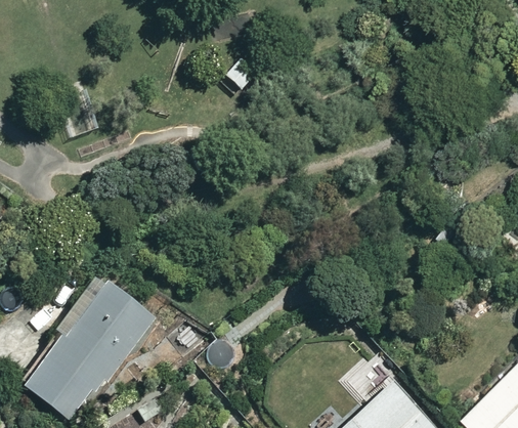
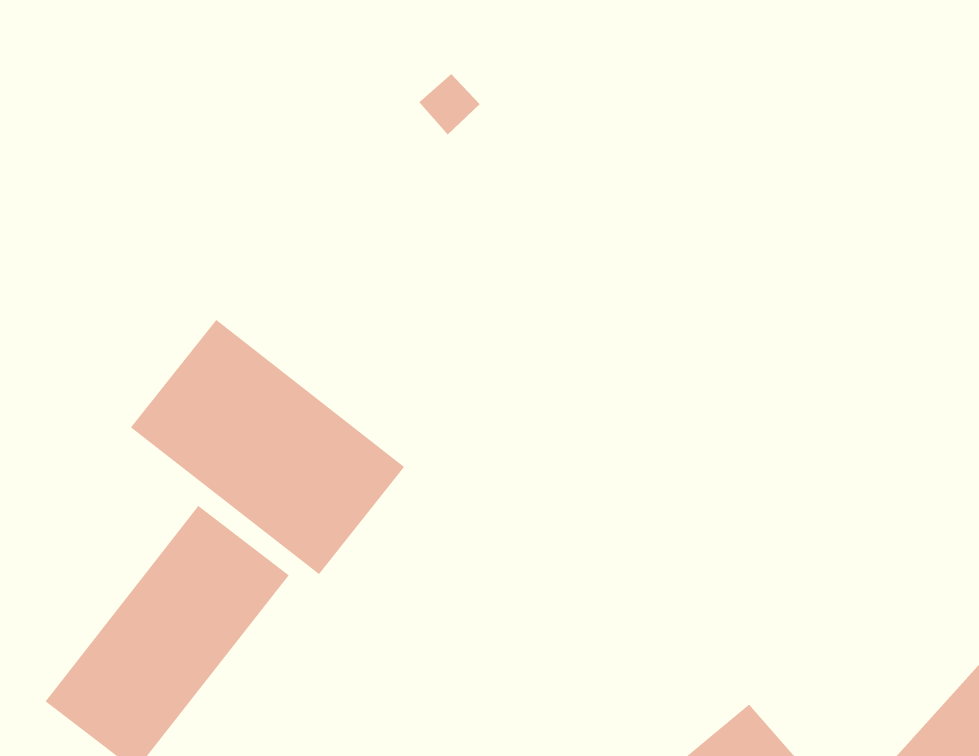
building: none -> [130,319,405,575]

